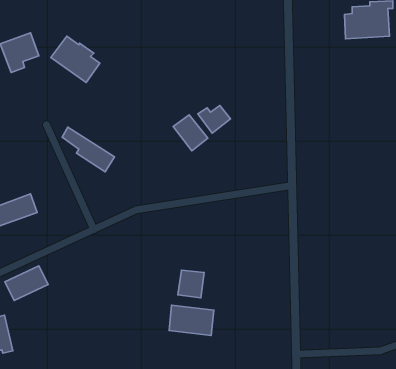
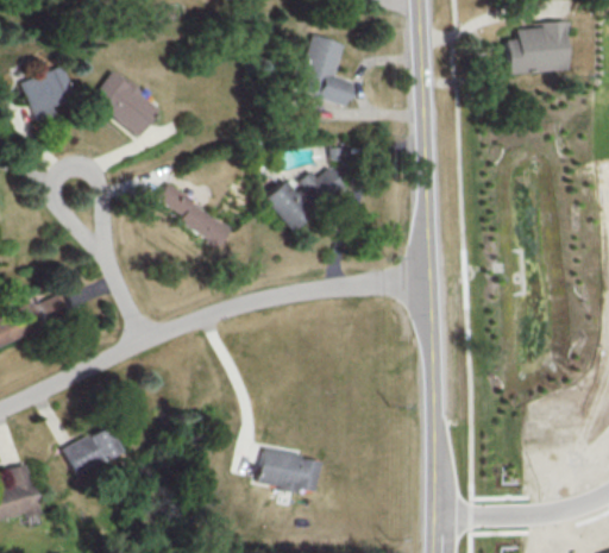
building: none -> [299,34,351,105]
building: [62,127,114,172] -> [161,184,234,247]
building: [5,266,48,301] -> [61,426,121,475]
building: [178,270,204,298] -> none

